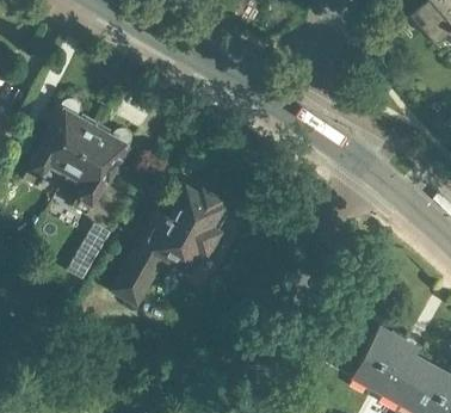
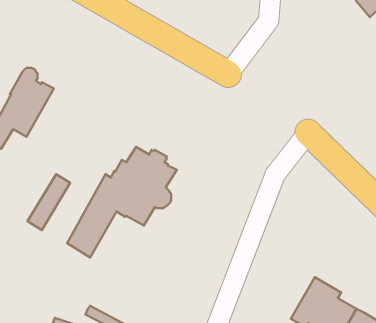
building: [67,125,131,217] -> none

